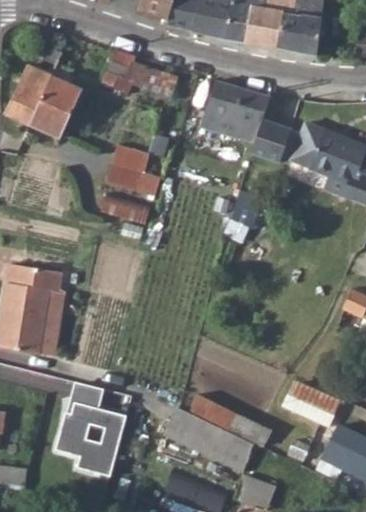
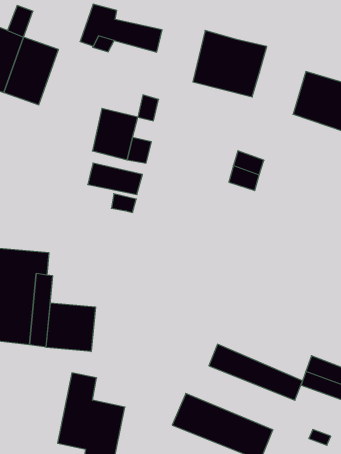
building: [251,120,292,163] -> none
building: none -> [46,303,95,352]
building: [188,392,272,447] -> [209,344,303,400]

